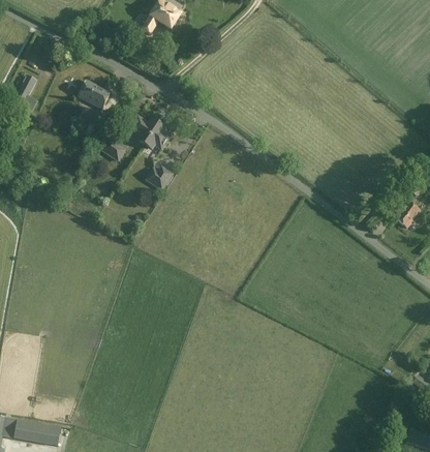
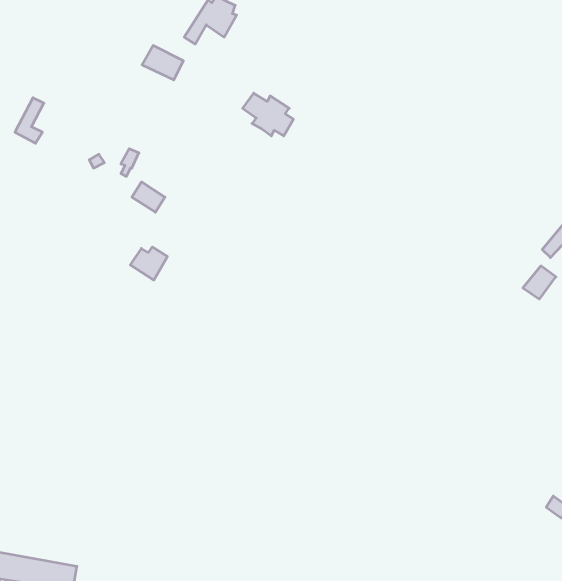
building: [80,82,111,108] -> [142,46,183,80]
building: [131,117,170,149] -> [243,93,293,136]
building: [146,167,174,191] -> [130,247,167,280]

